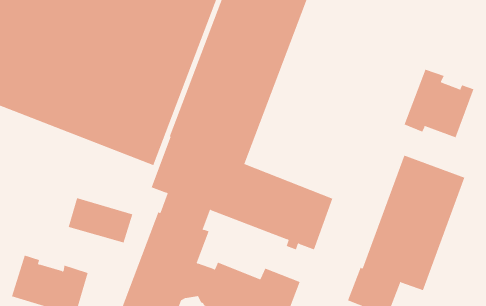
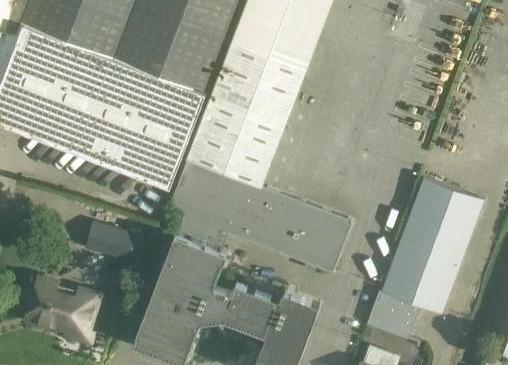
building: [404,69,474,138] -> none

